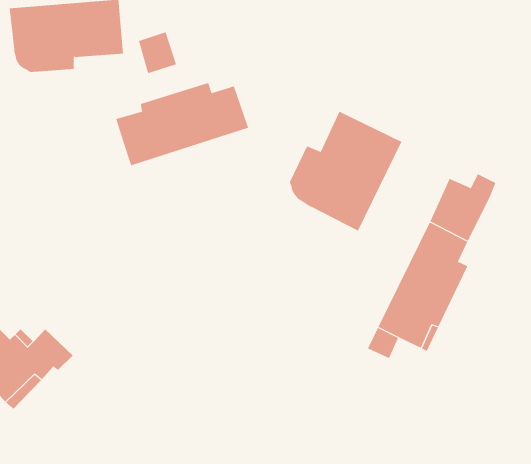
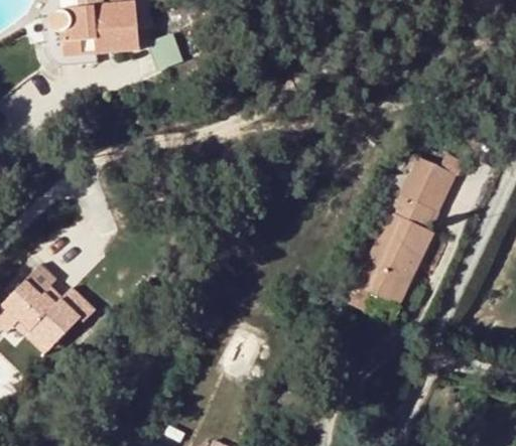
building: [116,82,249,166] -> none
building: [289,111,402,231] -> none

